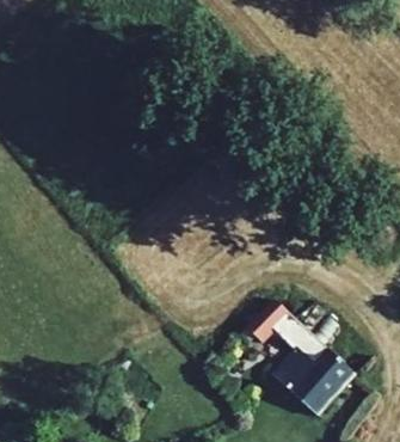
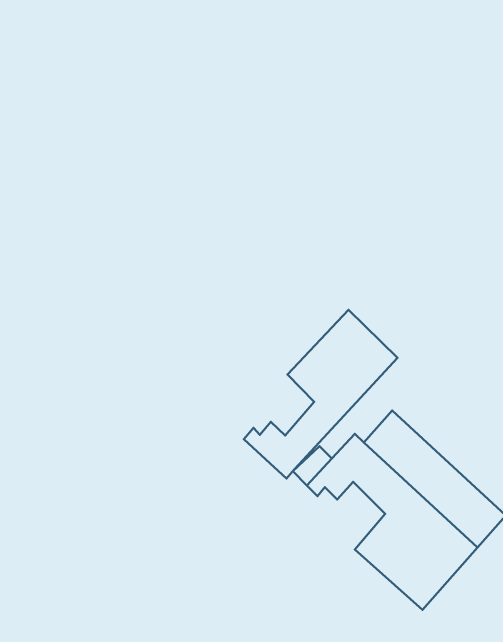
building: none -> [244,310,398,478]

